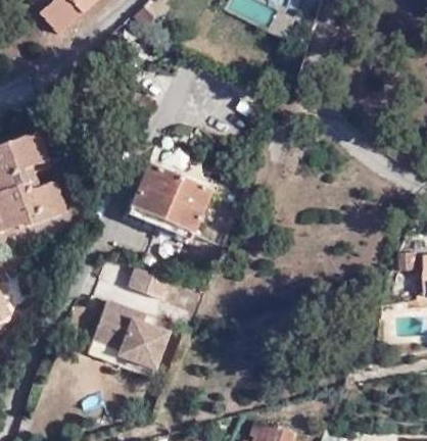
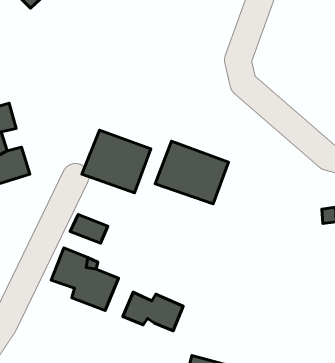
building: none -> [155,141,228,204]
building: none -> [123,292,183,331]

